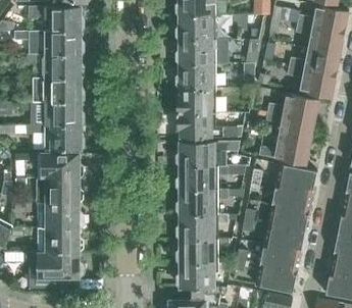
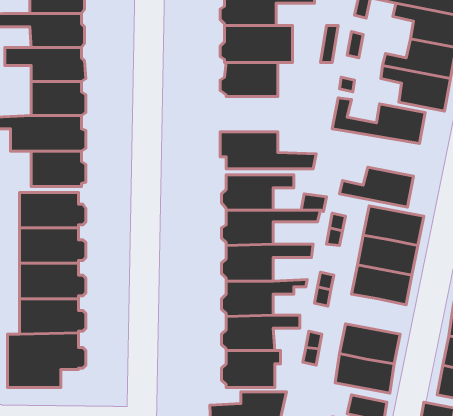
building: [177,87,216,111] -> none
building: [259,110,314,142] -> none
building: [263,223,305,251] -> none

